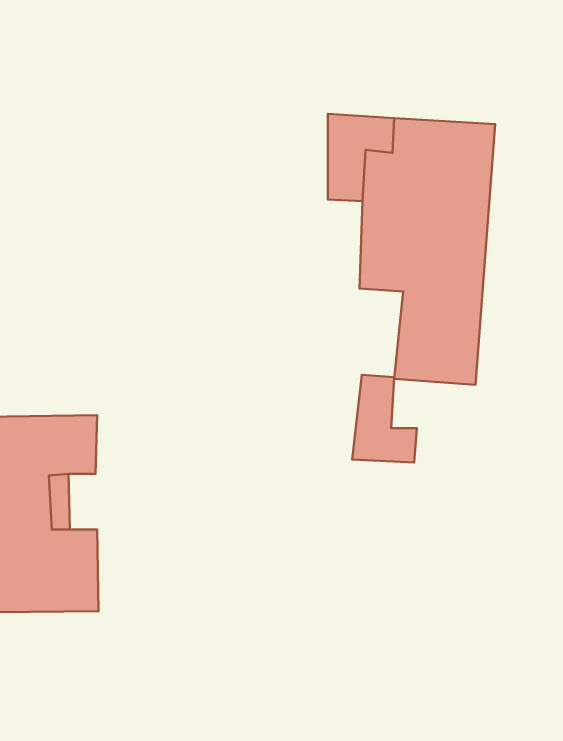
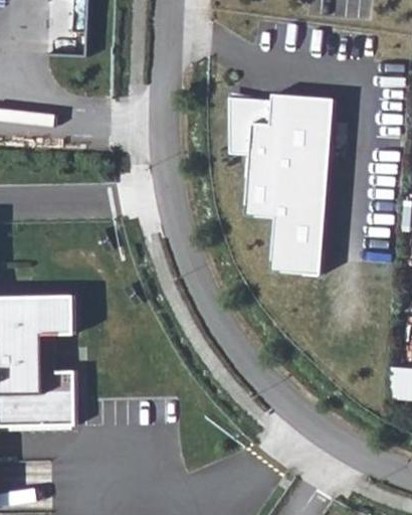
building: [352,375,417,463] -> none

